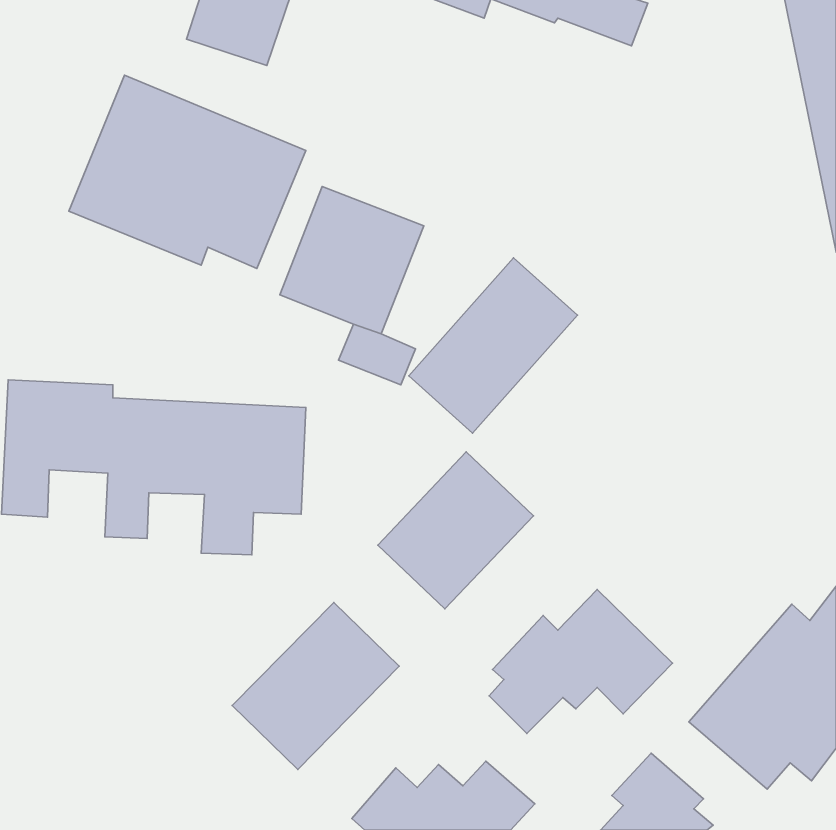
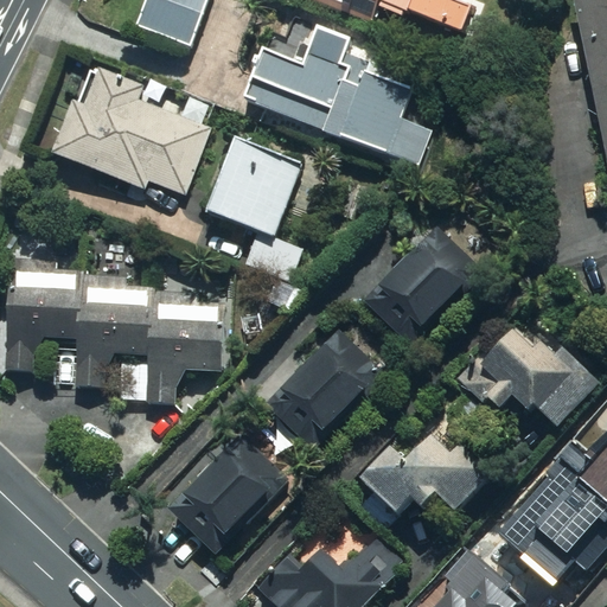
building: none -> [242,20,416,160]
building: [409,258,577,433] -> [358,222,480,349]
building: none -> [453,321,600,428]

